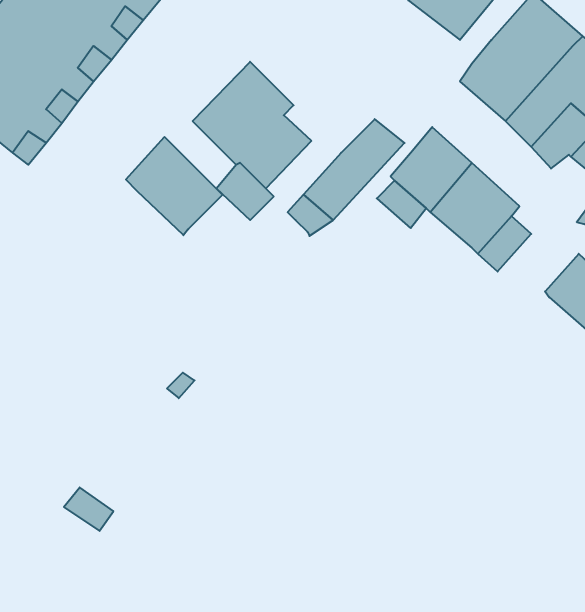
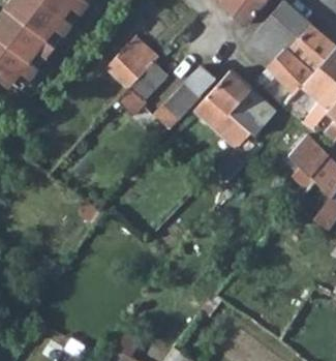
building: [126,137,223,235] -> none

